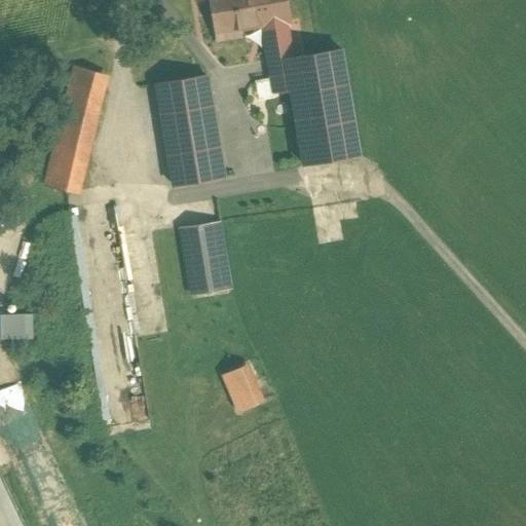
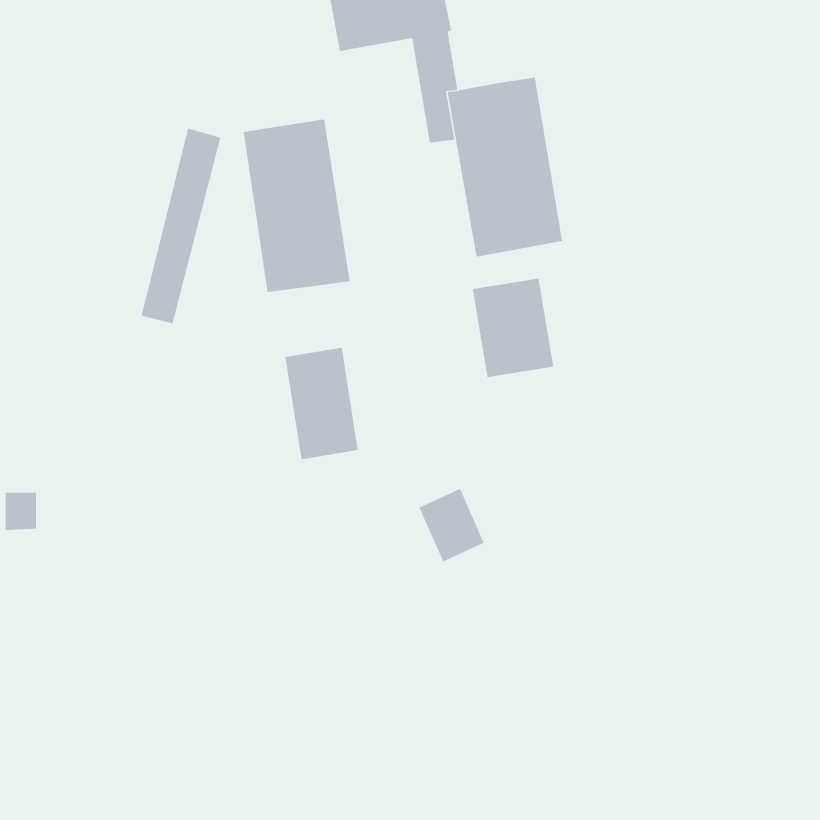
building: [46,65,98,190] -> [141,128,221,324]
building: none -> [472,278,554,378]
building: [223,366,265,413] -> [419,488,485,562]

